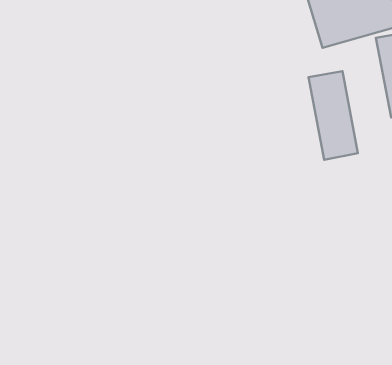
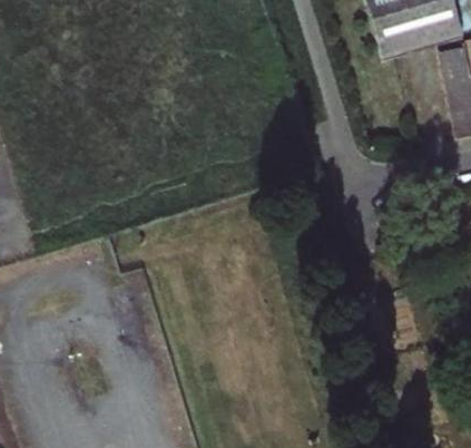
building: [309,71,358,160] -> none

